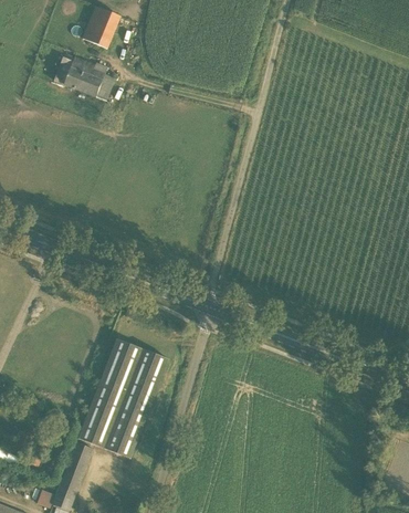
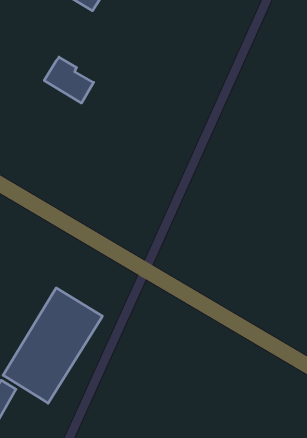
building: [63,57,114,101] -> [44,57,94,103]

